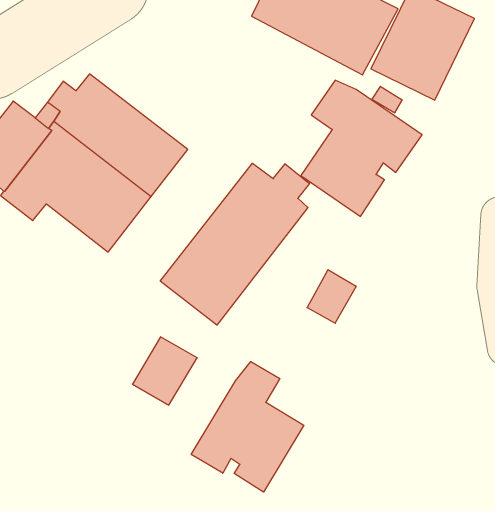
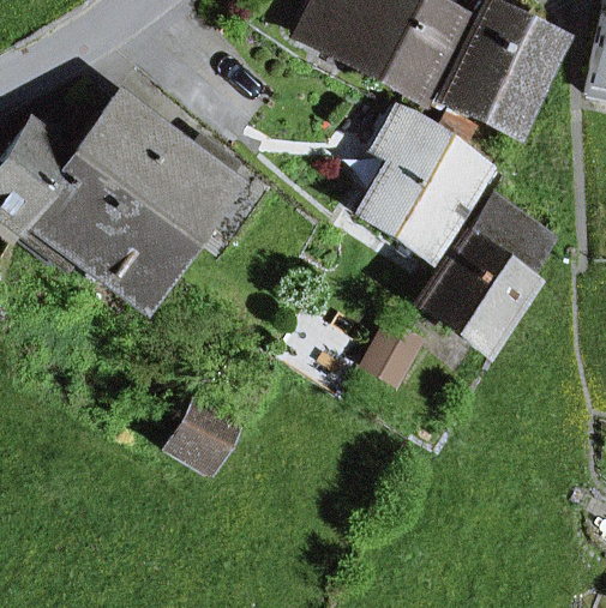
building: none -> [421,199,557,350]
building: [160,163,310,325] -> none
building: [191,362,304,492] -> none

